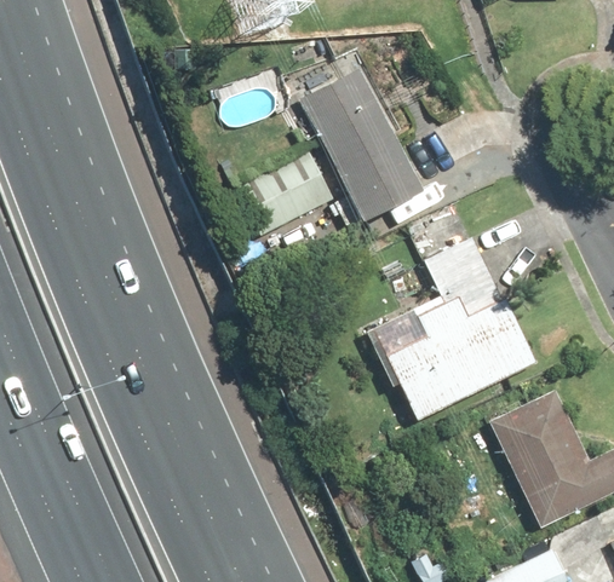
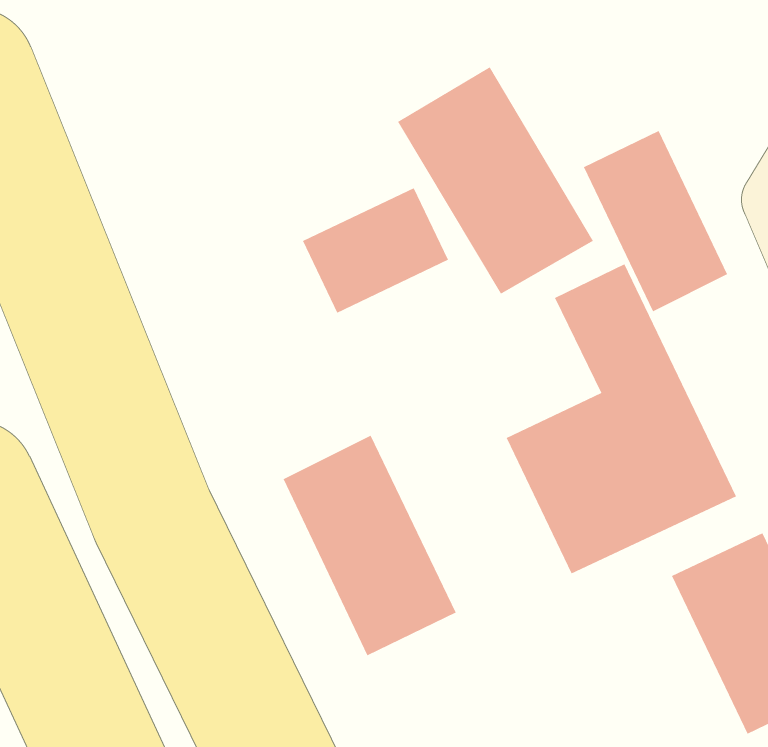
building: none -> [583,130,728,312]
building: none -> [283,435,457,656]

